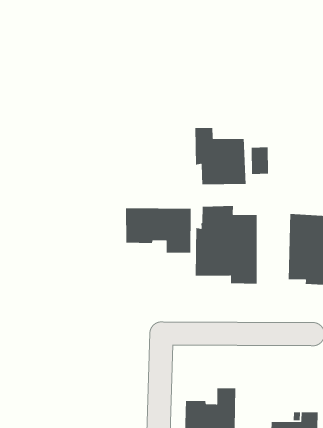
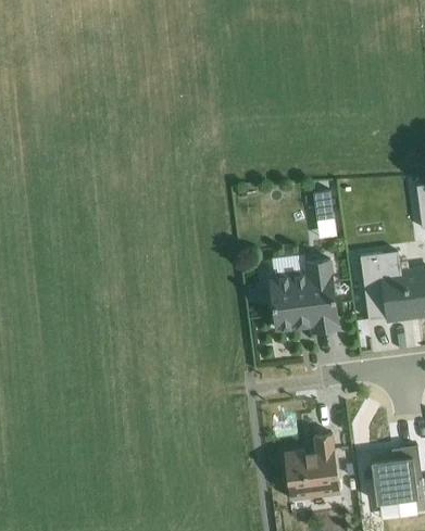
building: [195,127,246,185] -> none
building: [125,208,191,254] -> none

